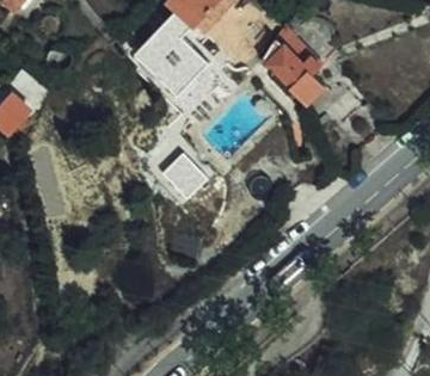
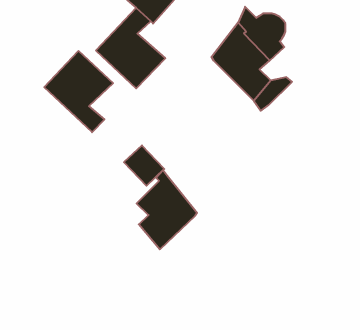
building: none -> [44,51,113,132]
building: none -> [137,170,197,249]

